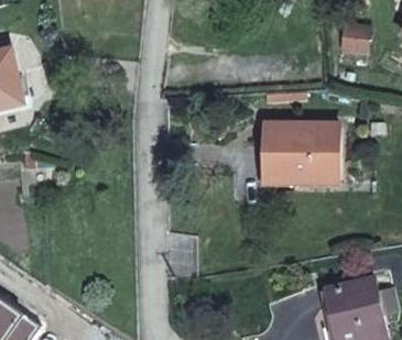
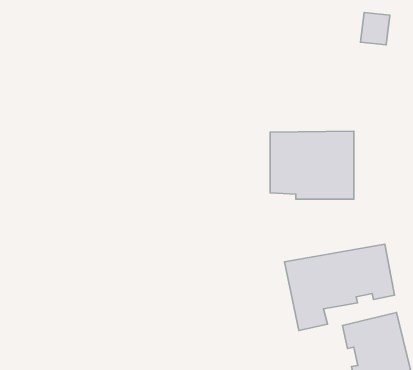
building: none -> [285,244,394,330]

